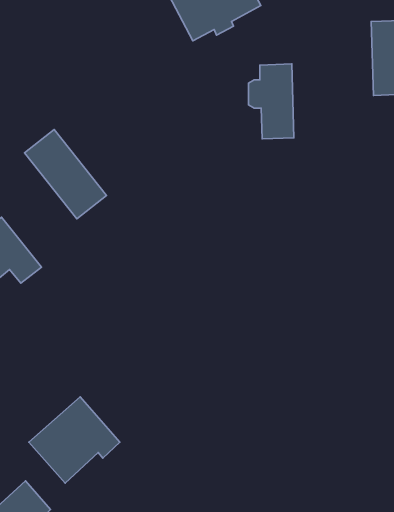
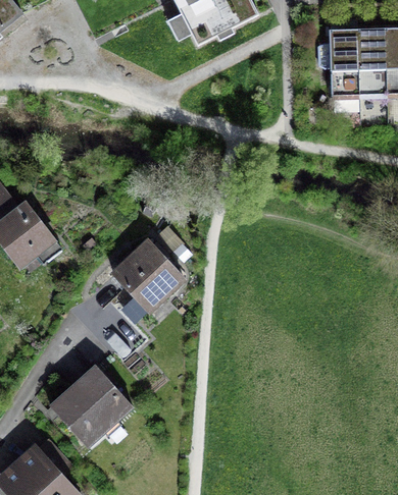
building: [249,64,294,139] -> [318,29,359,96]
building: [24,130,107,219] -> none
building: none -> [112,240,183,308]

